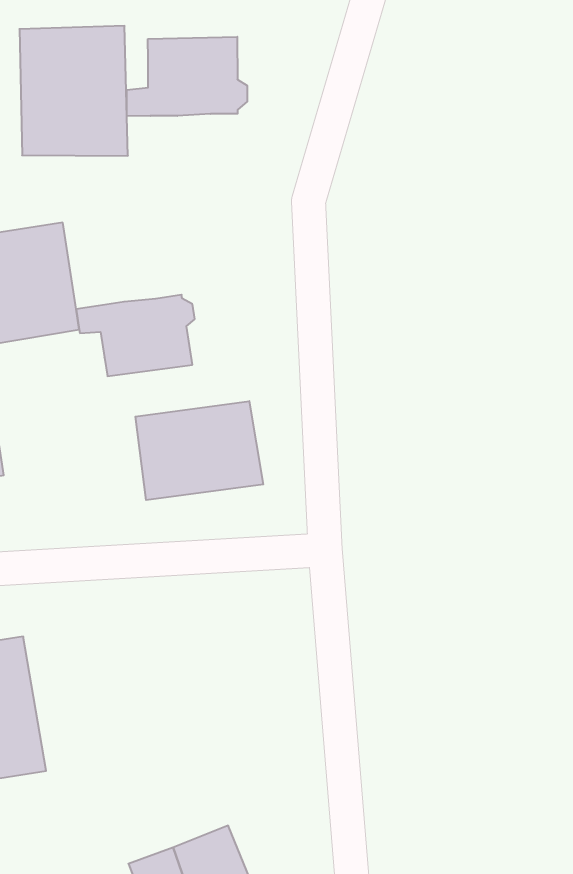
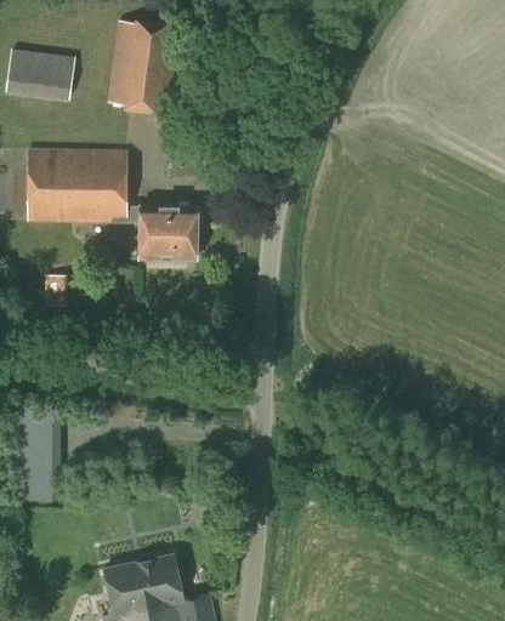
building: [127,37,247,116] -> none
building: [135,401,263,500] -> none

